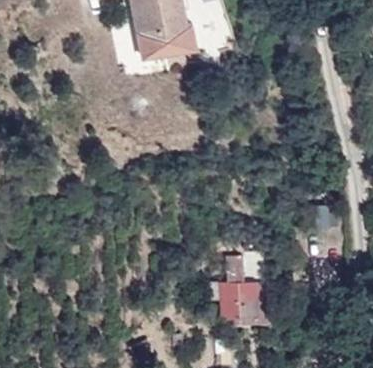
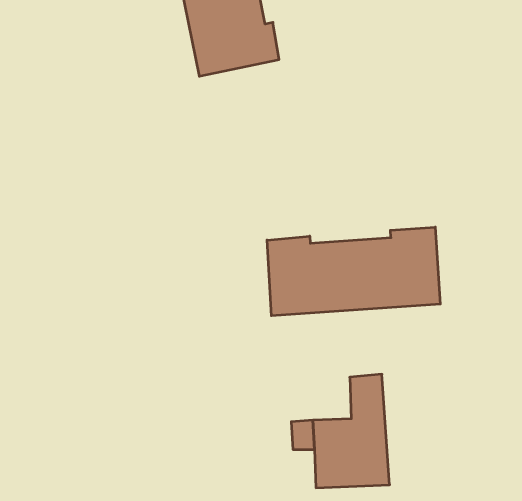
building: none -> [267,227,440,316]

